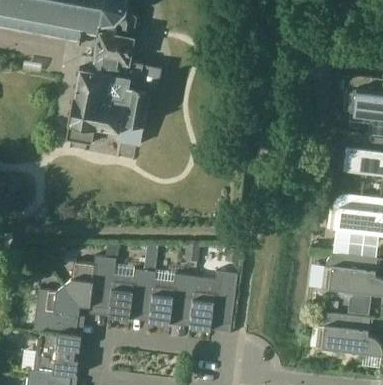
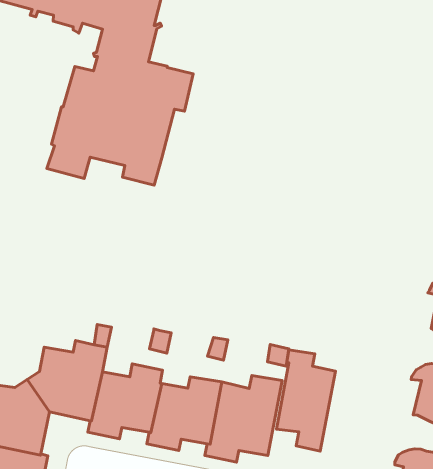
building: none -> [276,350,336,451]

